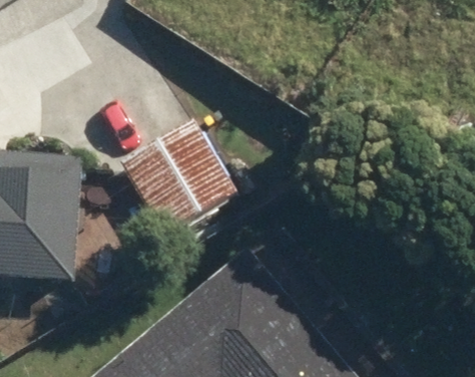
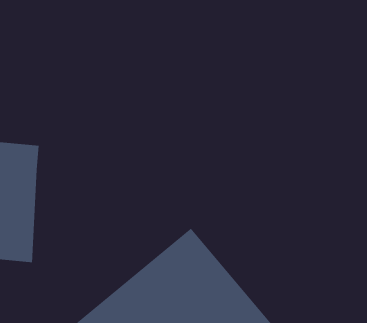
building: [120,122,243,243] -> none

